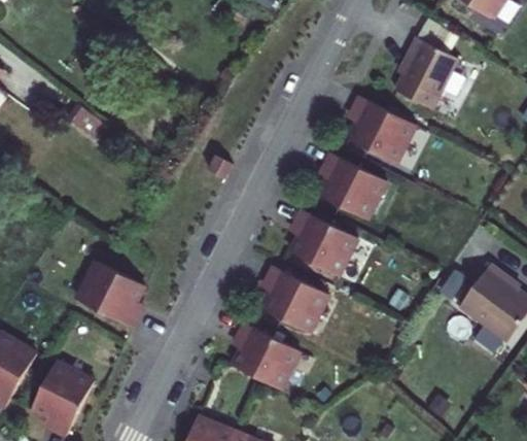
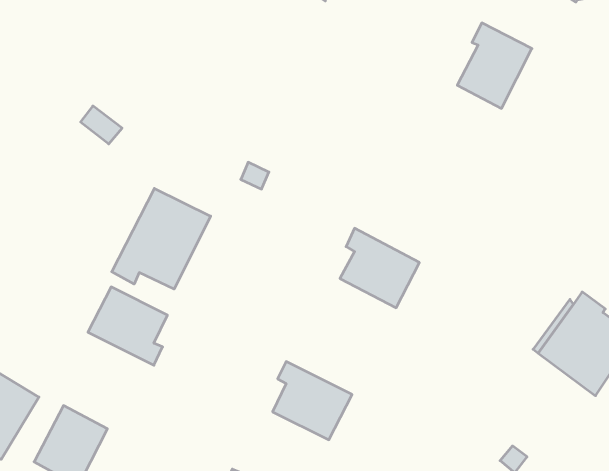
building: [347,100,415,165] -> none
building: [319,155,386,220] -> none
building: none -> [112,188,211,289]
building: [261,267,328,333] -> none

